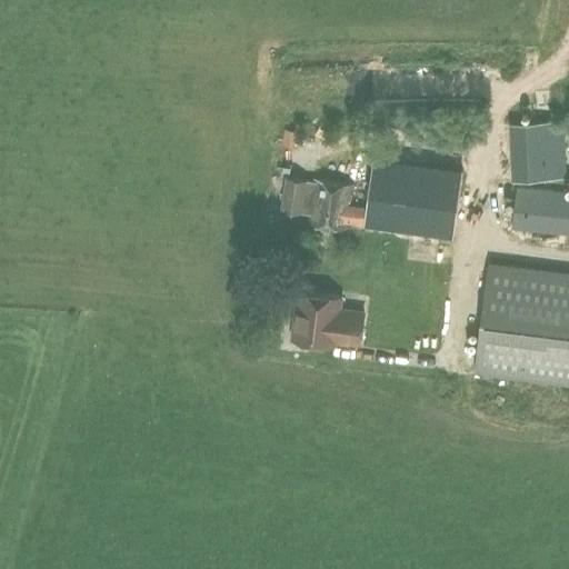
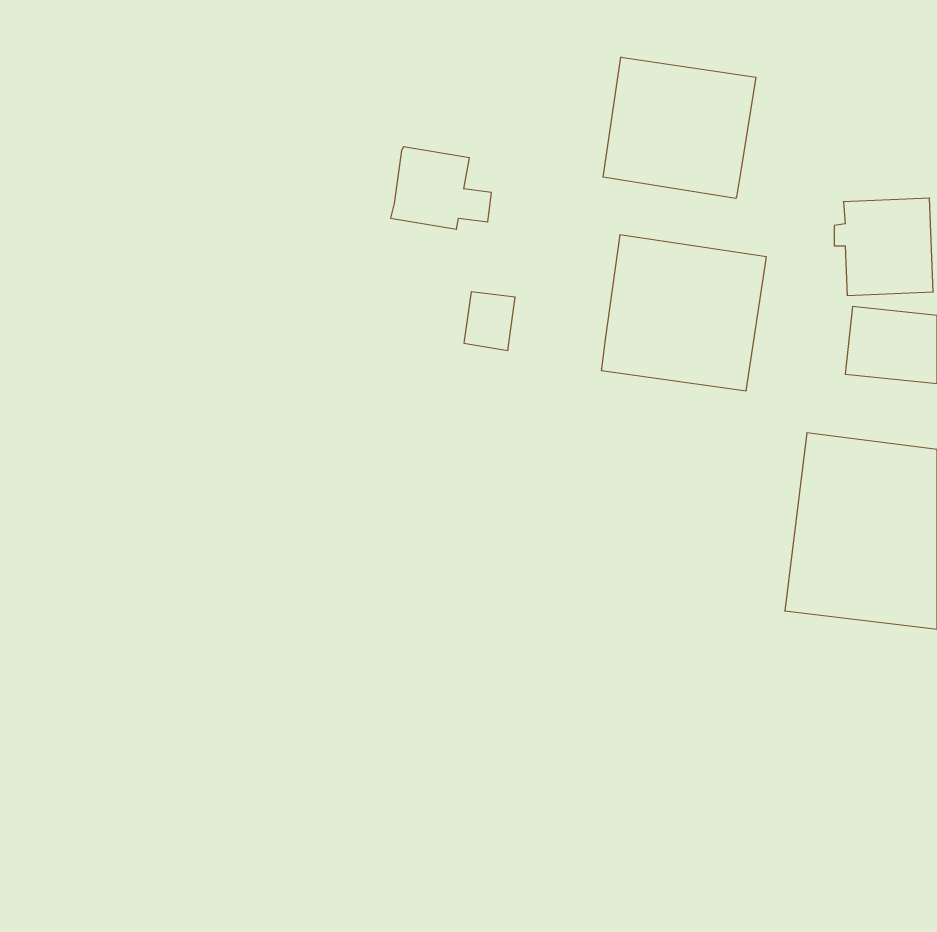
building: none -> [603,57,756,198]
building: [306,181,367,231] -> [391,147,491,229]
building: [293,293,365,347] -> none

